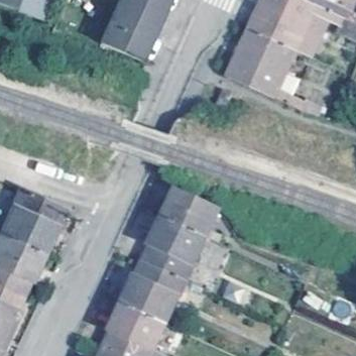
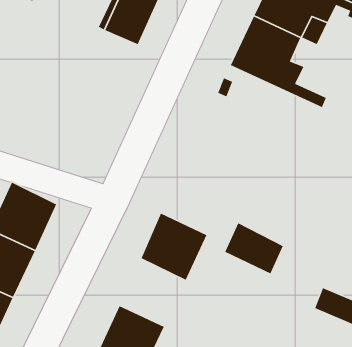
building: [160,188,217,237] -> [224,222,284,275]
building: [121,259,185,324] -> none

